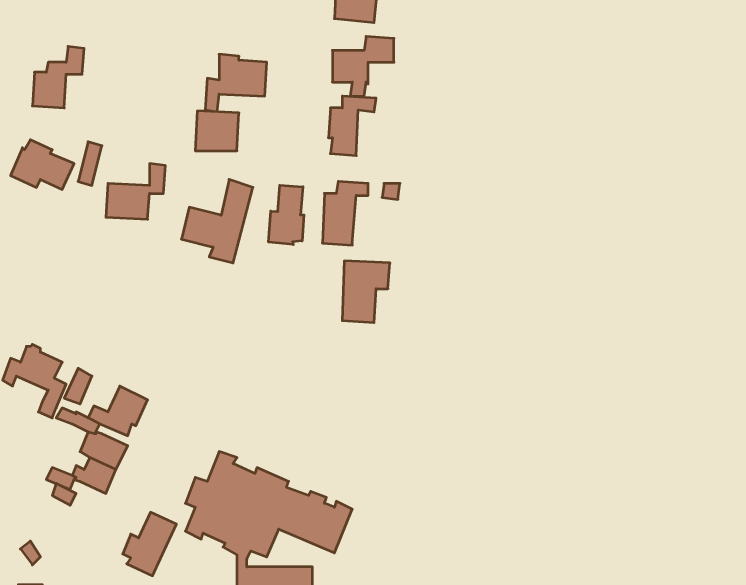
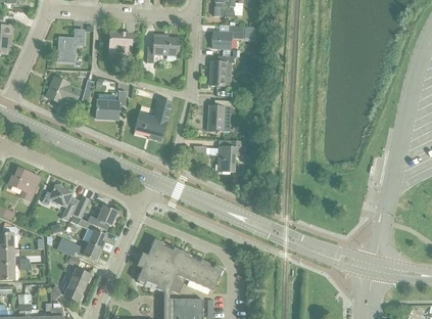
building: [195,111,239,151] -> [108,33,131,53]
building: [269,185,304,245] -> none
building: [123,512,176,576] -> [61,268,89,301]

